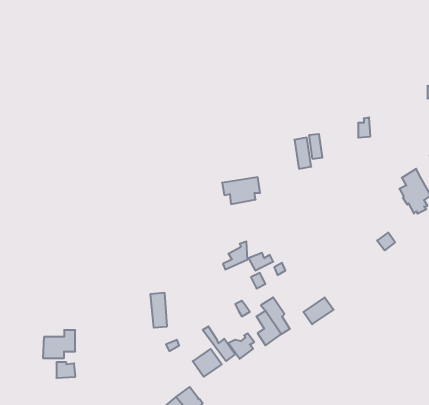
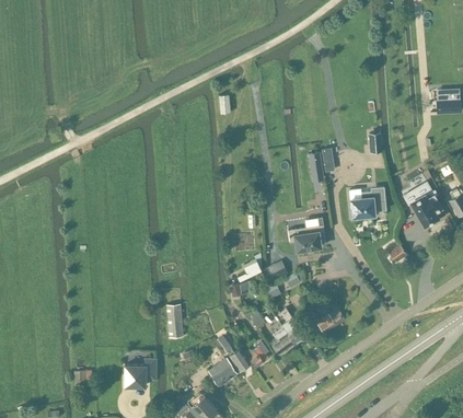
building: none -> [350,189,386,217]
building: [222,177,260,204] -> [288,224,325,251]
building: [43,330,75,358] -> [124,359,155,386]

